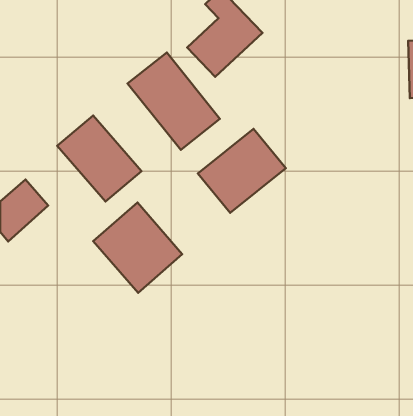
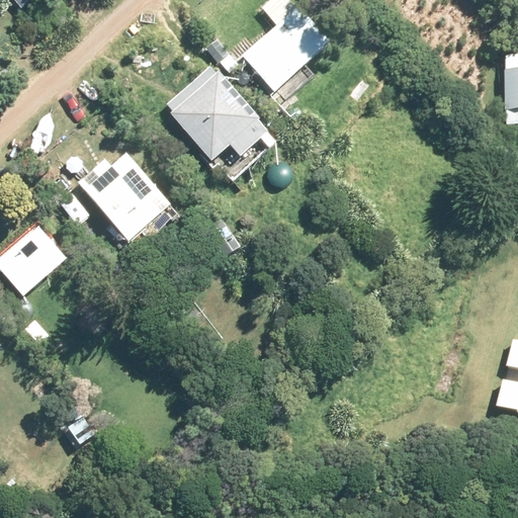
building: [198,129,286,213] -> none
building: [93,202,182,293] -> none

